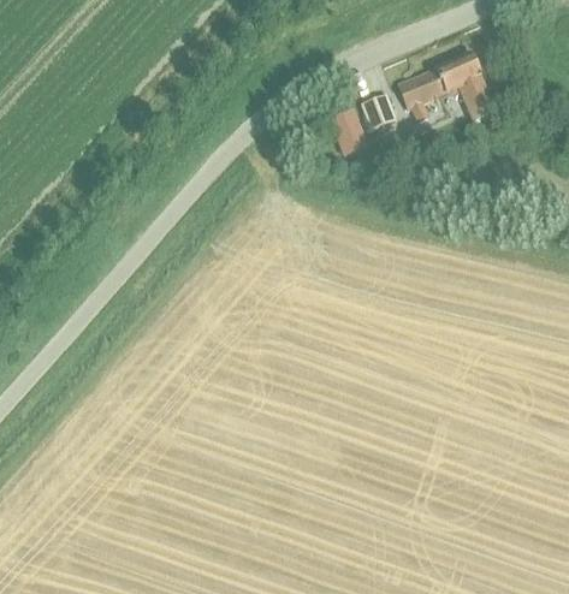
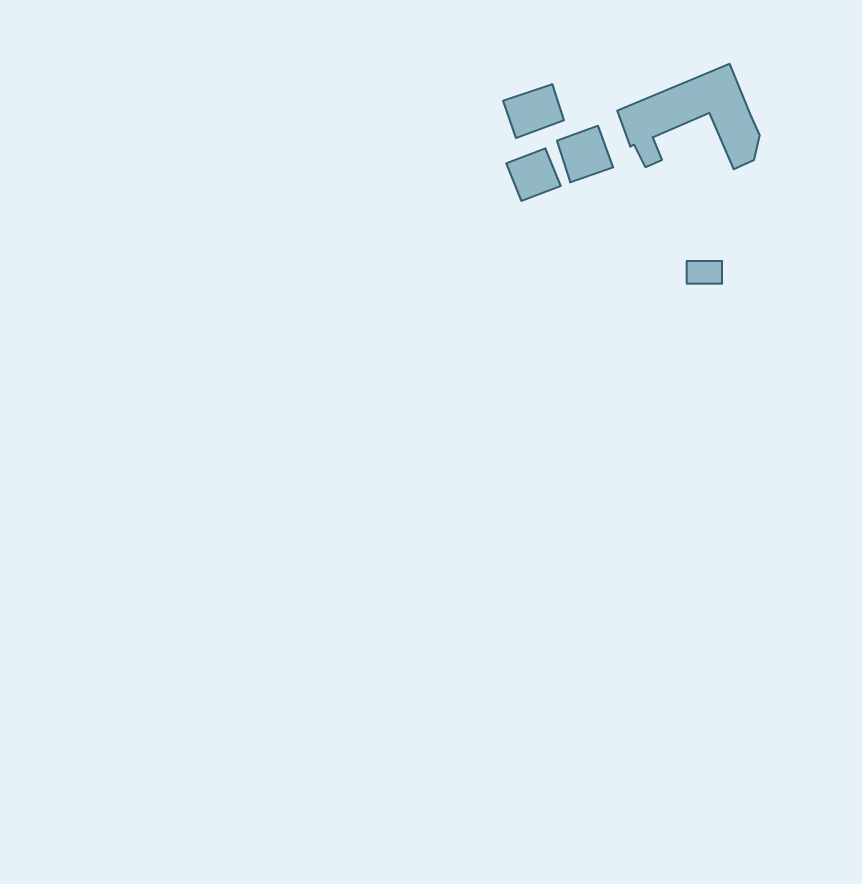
building: none -> [503,84,564,138]

